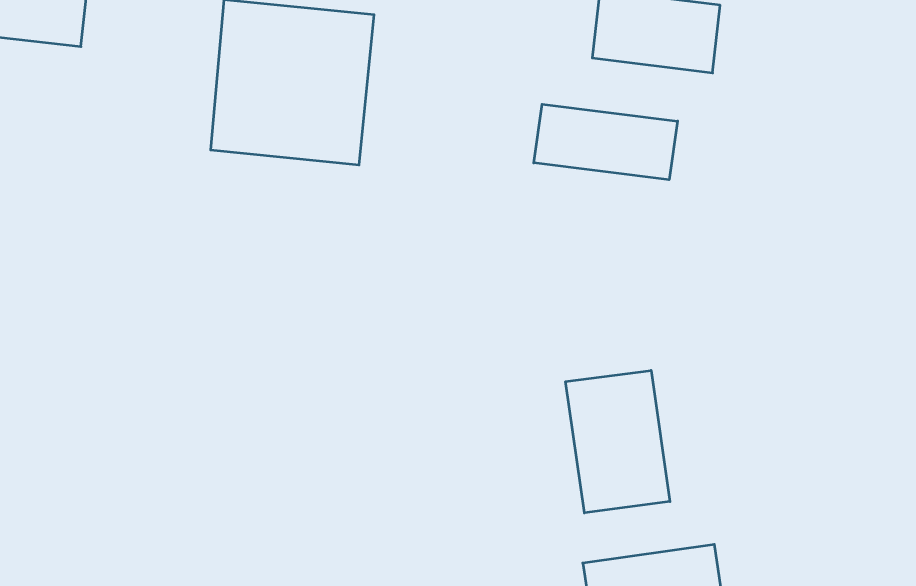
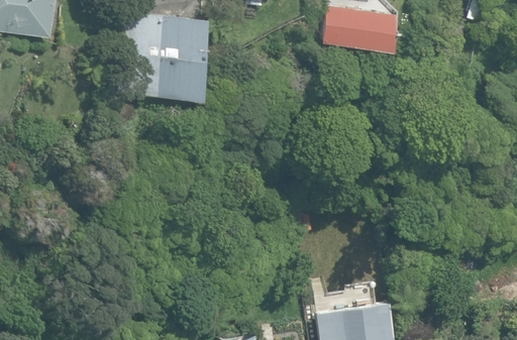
building: [534,104,678,180] -> none
building: [566,370,670,513] -> none

